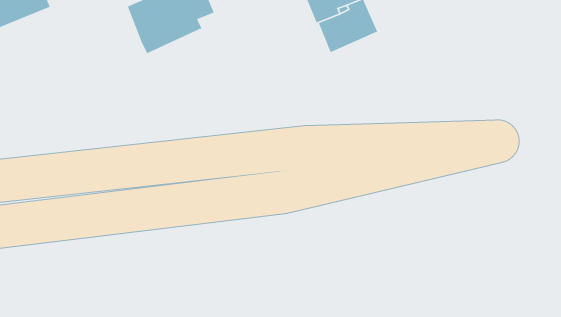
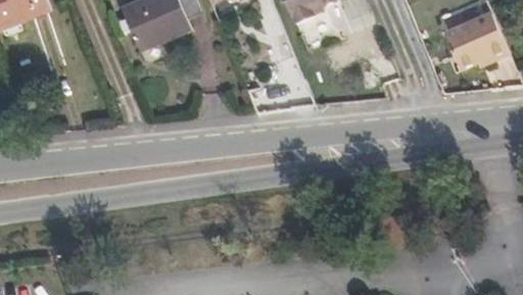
building: none -> [443,12,508,69]

